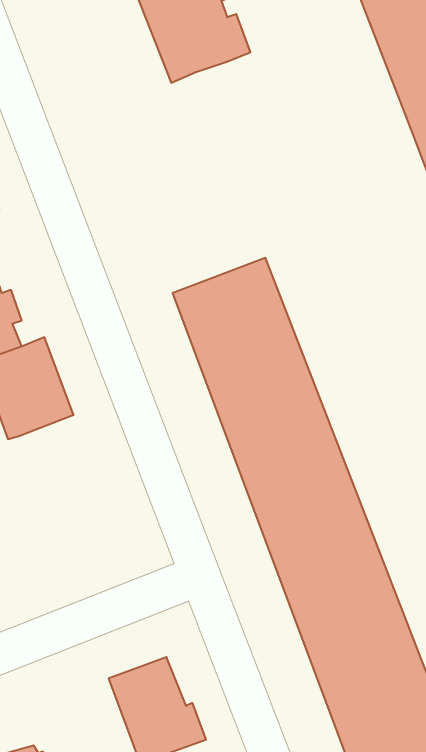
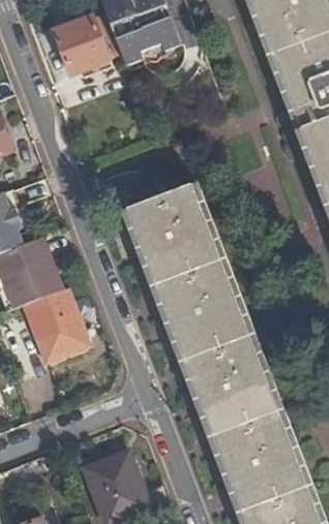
building: none -> [56,14,110,73]
building: none -> [23,287,85,361]

